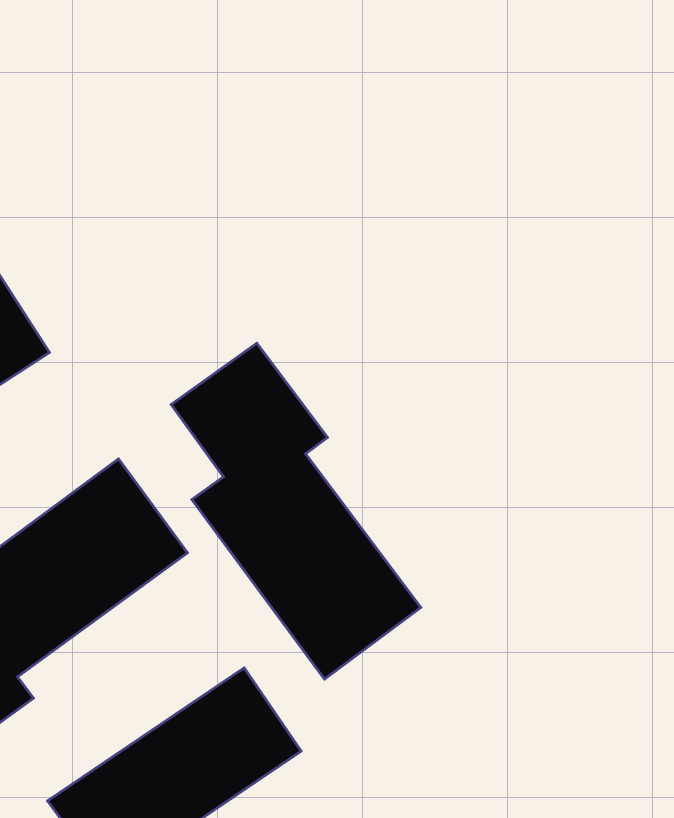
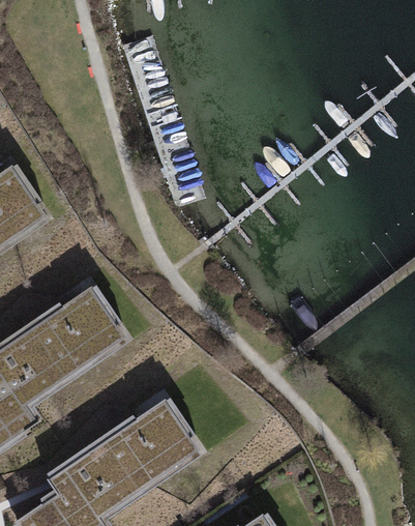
building: [171,343,421,679] -> none

